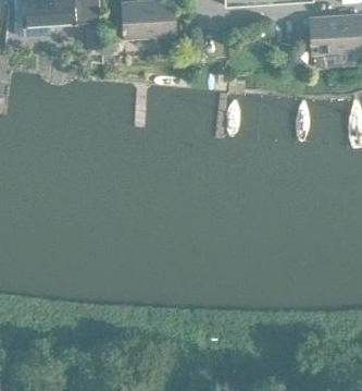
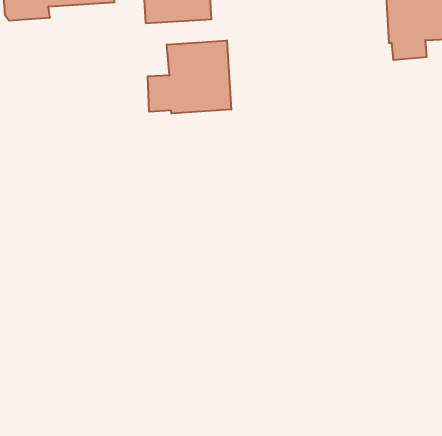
building: none -> [148,40,231,114]

